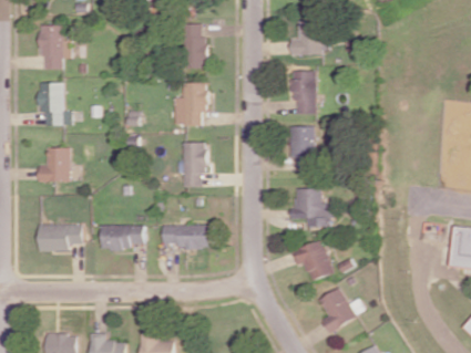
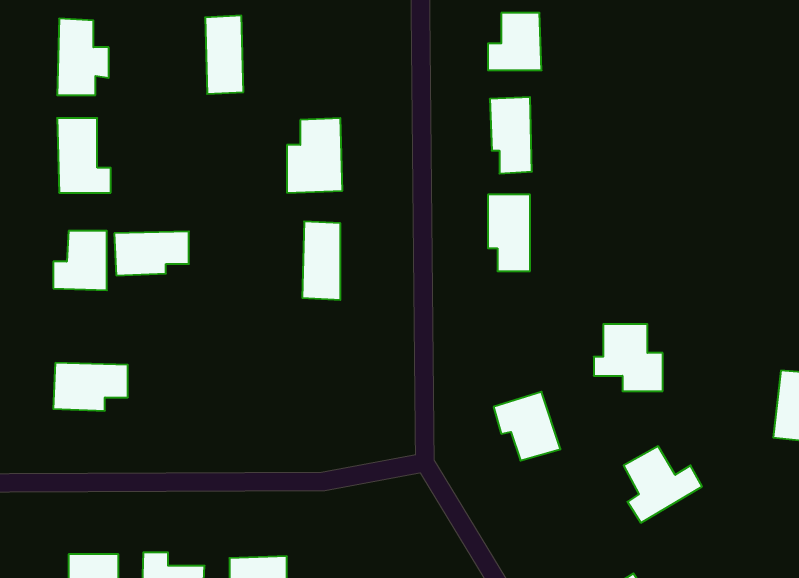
building: [183,23,205,69] -> [205,16,243,94]
building: [289,188,329,227] -> [594,324,663,391]
building: [162,224,207,247] -> none
building: [100,225,143,250] -> [114,231,189,275]
building: [318,288,364,332] -> [624,446,702,523]

